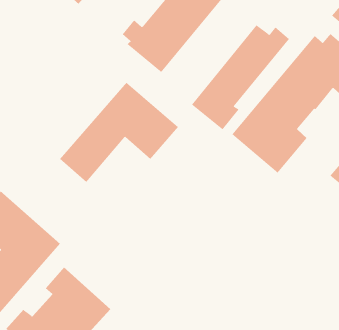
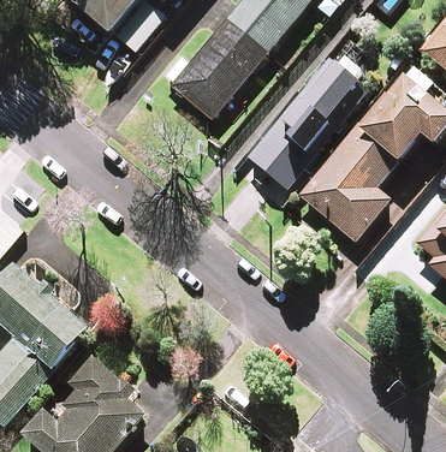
building: [59,82,179,183] -> none

